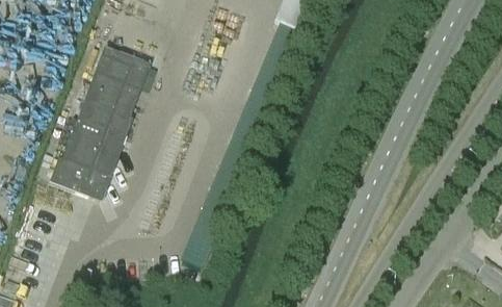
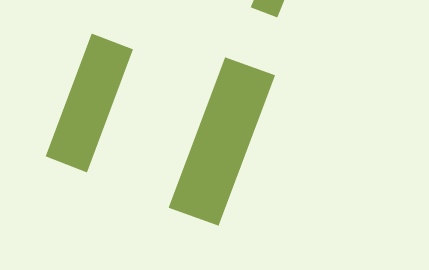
building: none -> [168,56,276,227]

